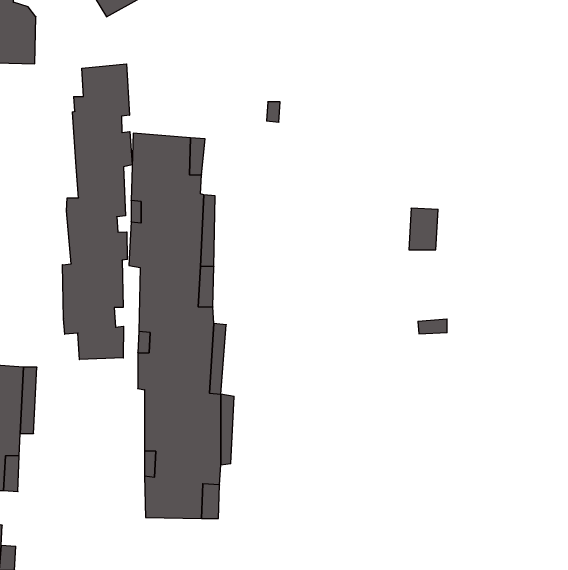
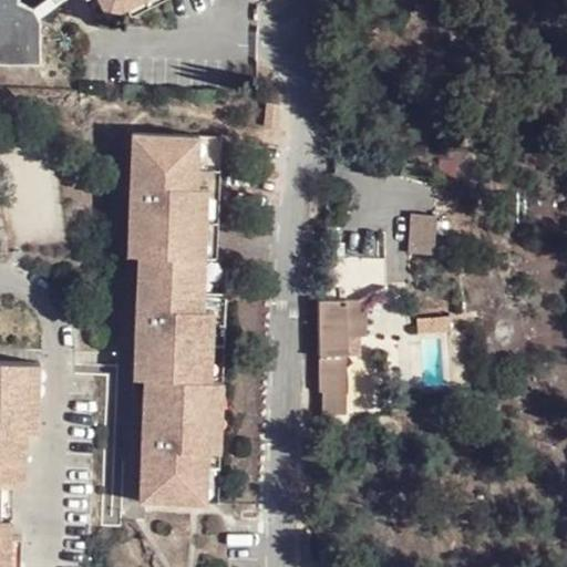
building: [62,64,132,360] -> none
building: none -> [311,295,363,419]

